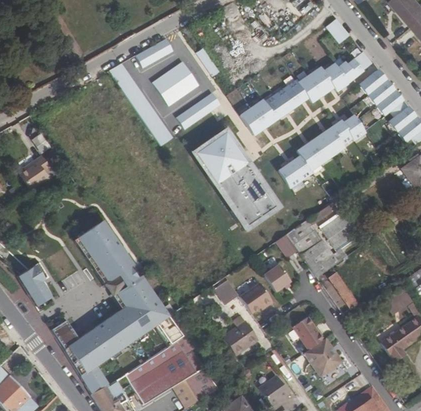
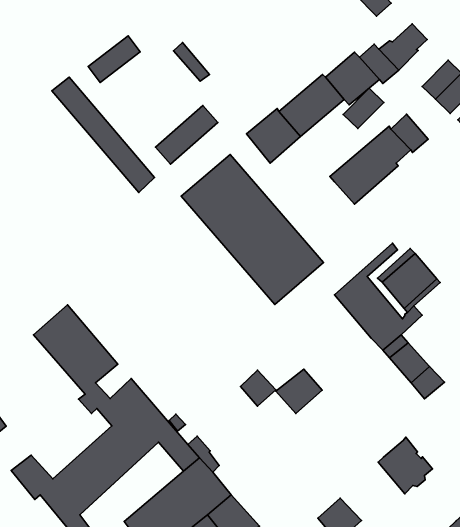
building: [152,61,199,106] -> none
building: [356,69,385,96] -> [343,88,384,129]
building: [275,155,310,189] -> none
building: [264,263,291,291] -> none
building: [294,316,324,349] -> none
building: [223,322,257,355] -> none

